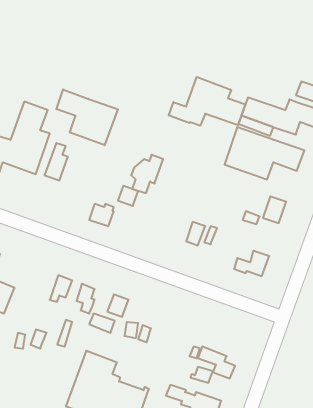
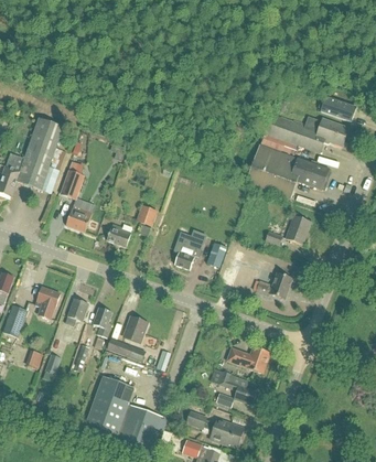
building: [169,77,245,126] -> none
building: [56,89,118,145] -> none
building: [131,155,163,193] -> [173,228,206,268]
building: none -> [65,197,95,230]
building: none -> [34,286,60,319]
building: none -> [226,345,270,373]

